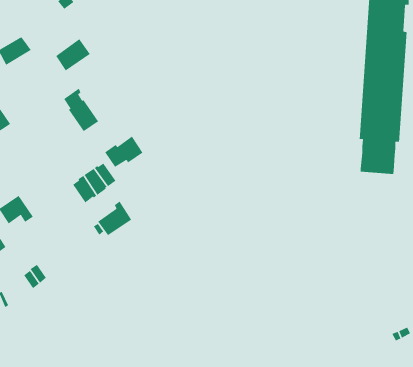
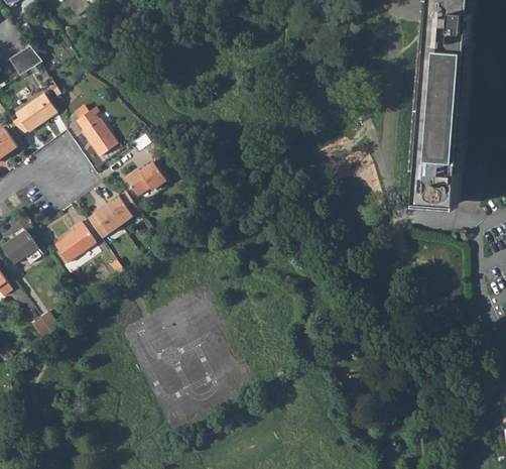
building: [55,38,91,71] -> [14,94,55,132]
building: [97,200,132,236] -> [53,221,94,262]

